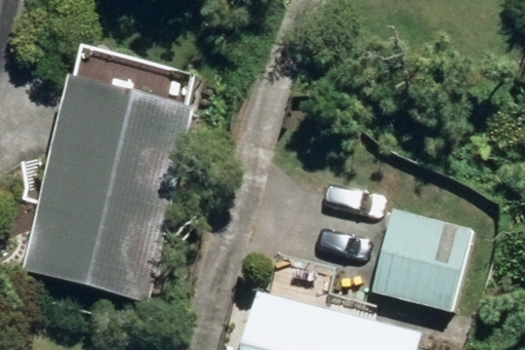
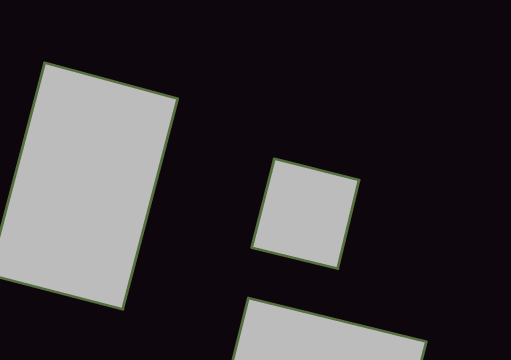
building: [370,209,469,310] -> [252,159,359,269]

